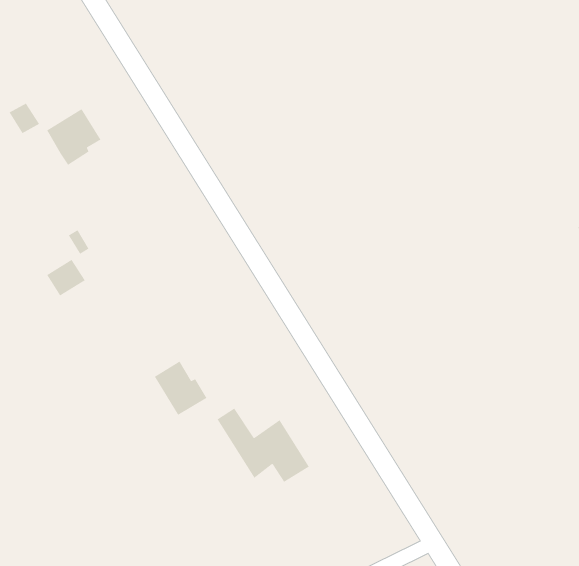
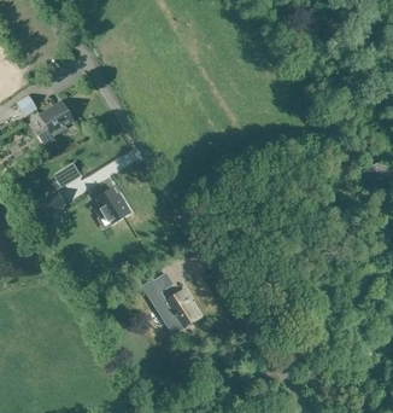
building: [154,361,208,416] -> [98,190,130,223]

